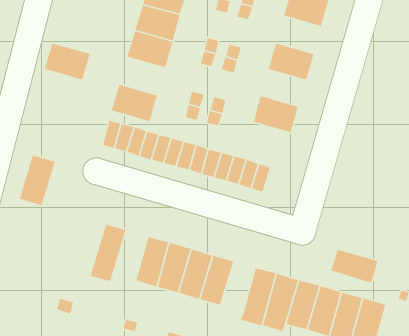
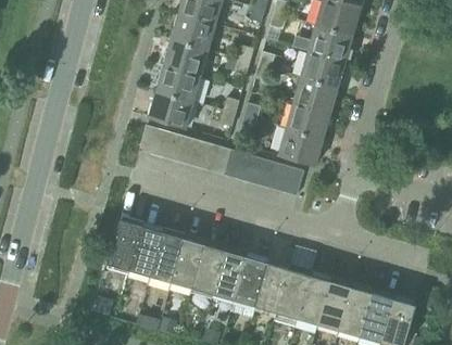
building: none -> [307,25,352,62]
building: [44,42,91,80] -> [155,65,201,102]
building: none -> [292,77,338,113]
building: none -> [278,128,323,166]
building: [19,155,56,206] -> [106,220,142,270]
building: none -> [148,232,184,290]
building: [330,249,378,284] -> none
building: none -> [254,263,288,312]

